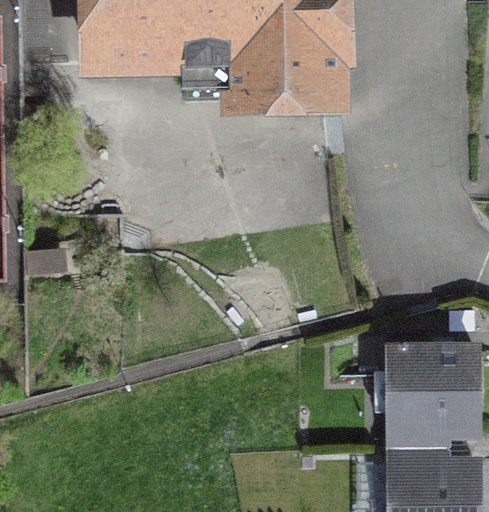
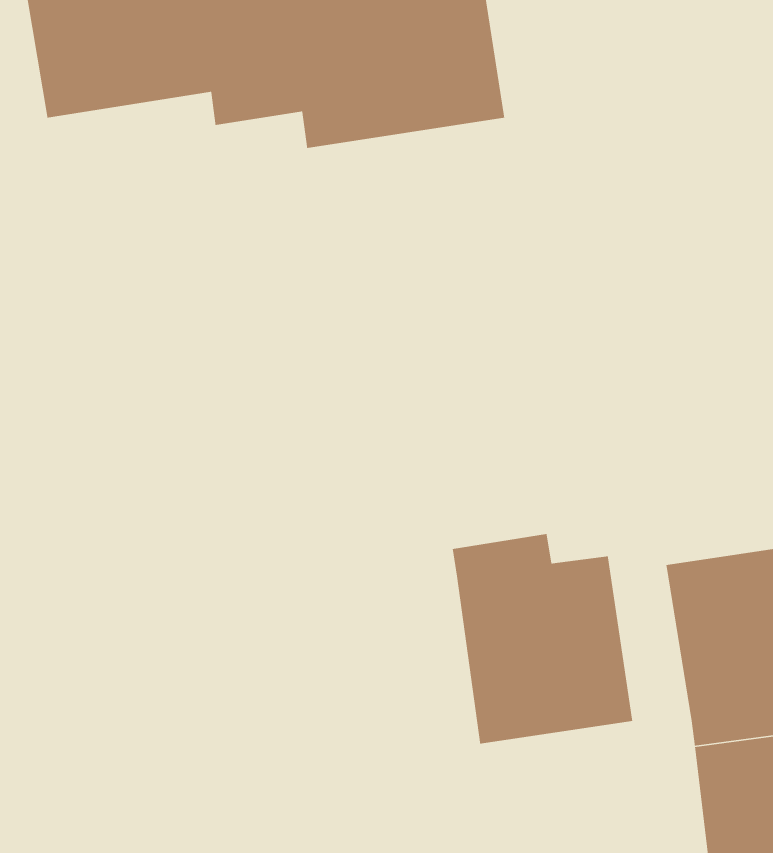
building: none -> [452,533,633,744]

